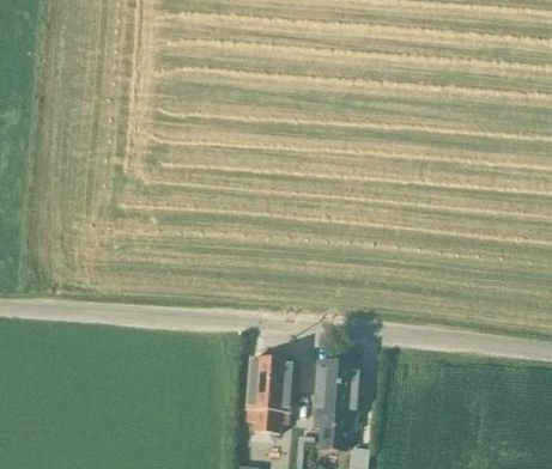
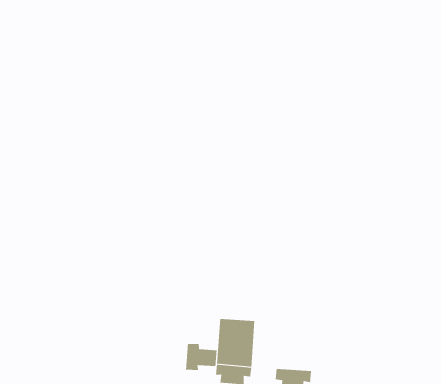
building: [315,363,358,415] -> none
building: none -> [185,343,217,371]

